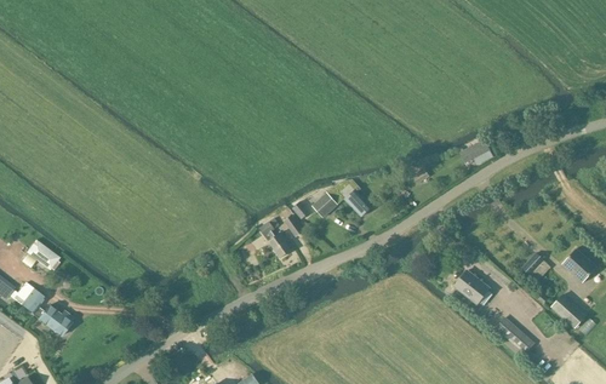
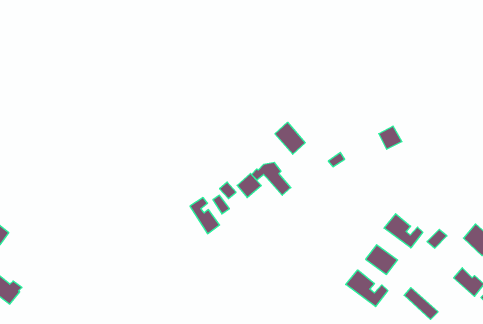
building: none -> [275,122,305,154]
building: none -> [384,214,423,248]
building: none -> [346,270,388,307]

